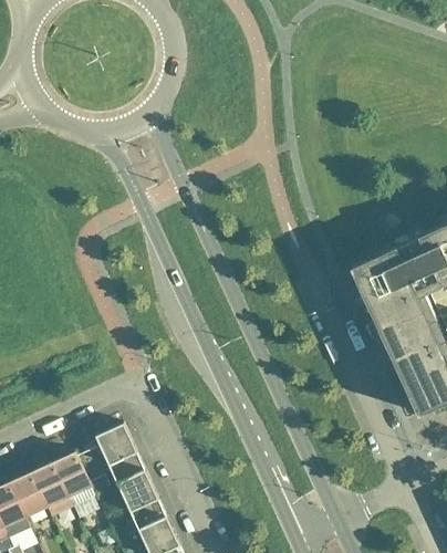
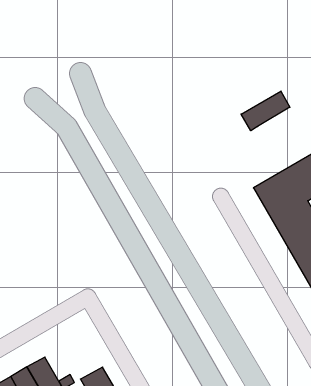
building: none -> [241,91,290,131]
building: [95,424,137,467] -> none

